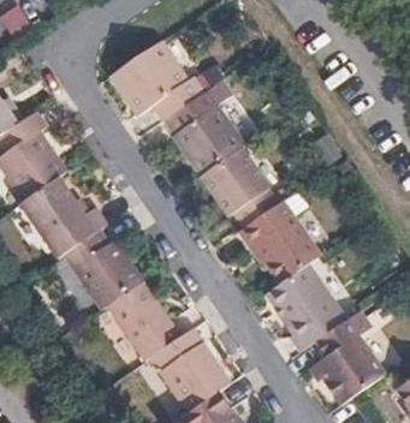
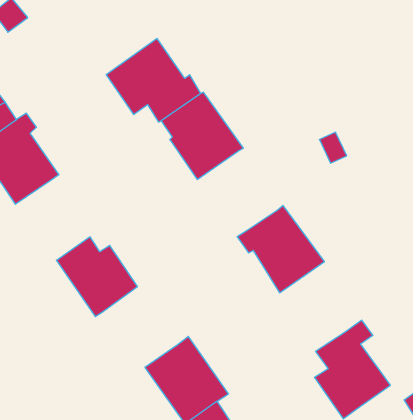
building: [200,148,277,225] -> none
building: [19,177,105,260] -> none
building: [261,268,341,355] -> none
building: [107,279,180,361] -> none

